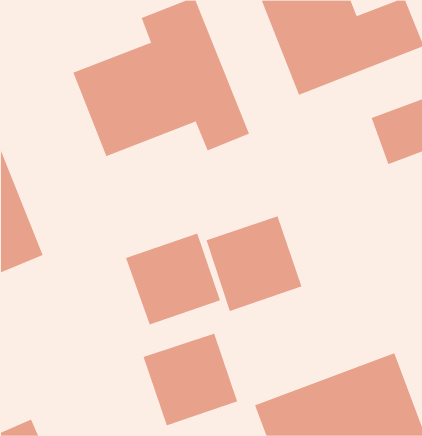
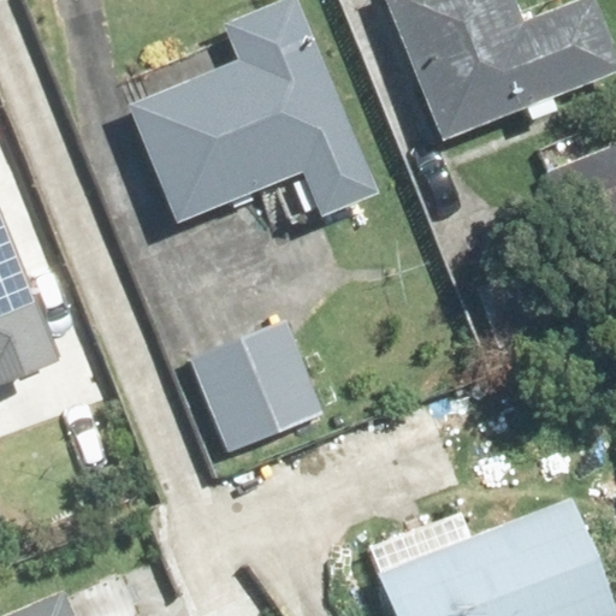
building: [206,216,302,312] -> none
building: [143,333,238,426] -> none

